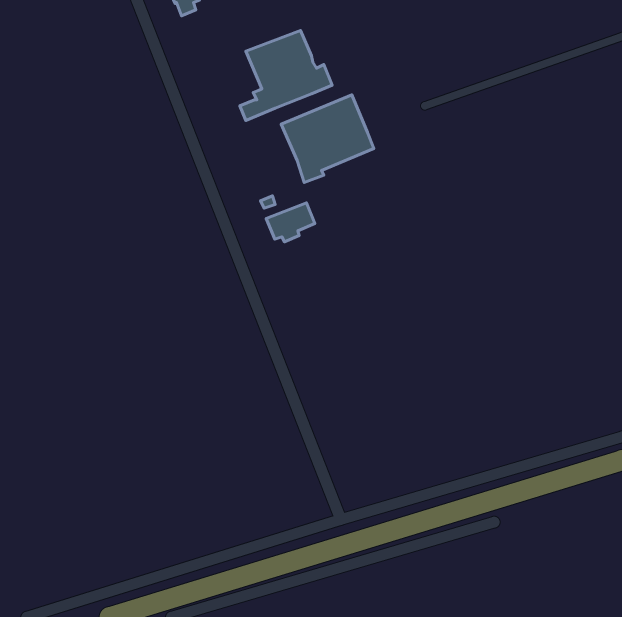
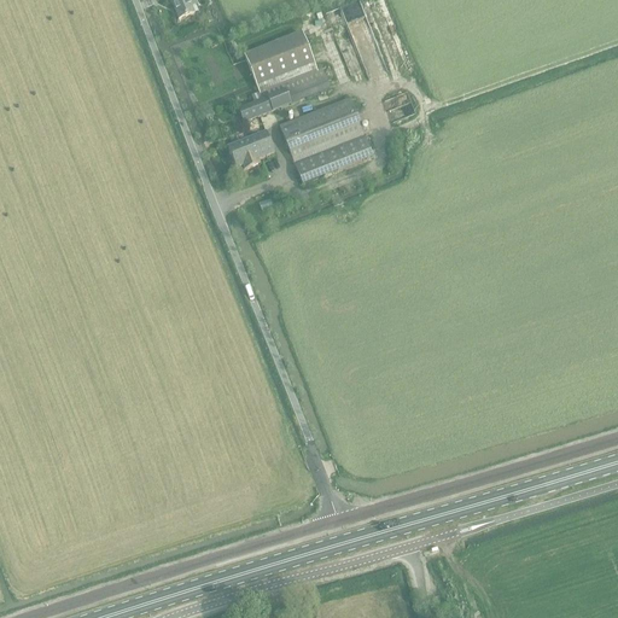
building: [266,203,315,242] -> [227,128,275,167]

